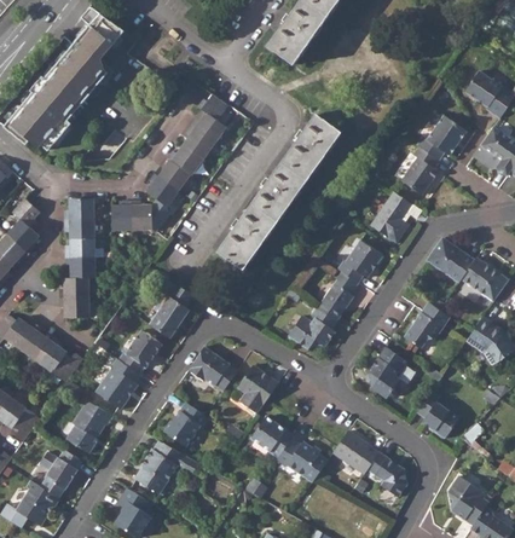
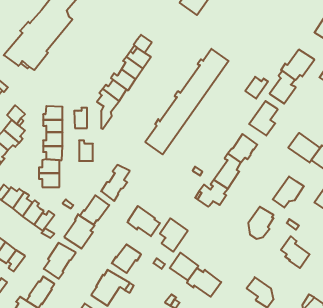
building: none -> [245,77,268,99]
building: [131,201,151,231] -> [79,140,93,161]
building: [334,429,378,473] -> none

